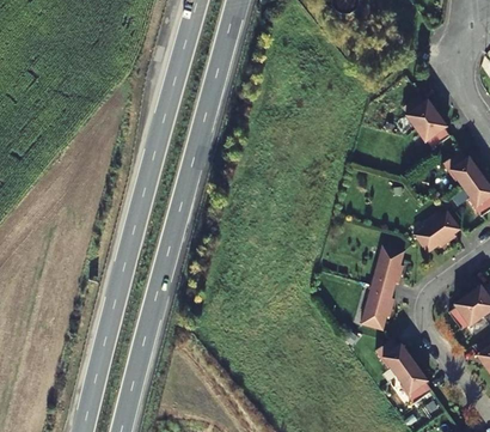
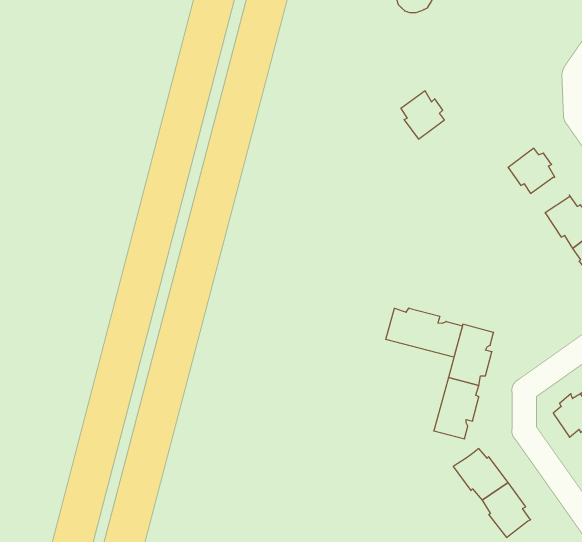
building: [402,93,434,129] -> [401,91,444,139]
building: [414,211,460,254] -> none
building: none -> [386,308,462,357]

